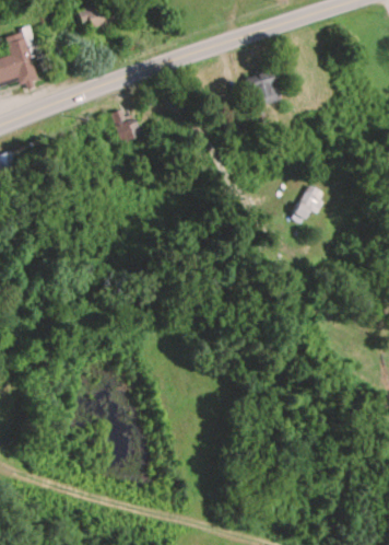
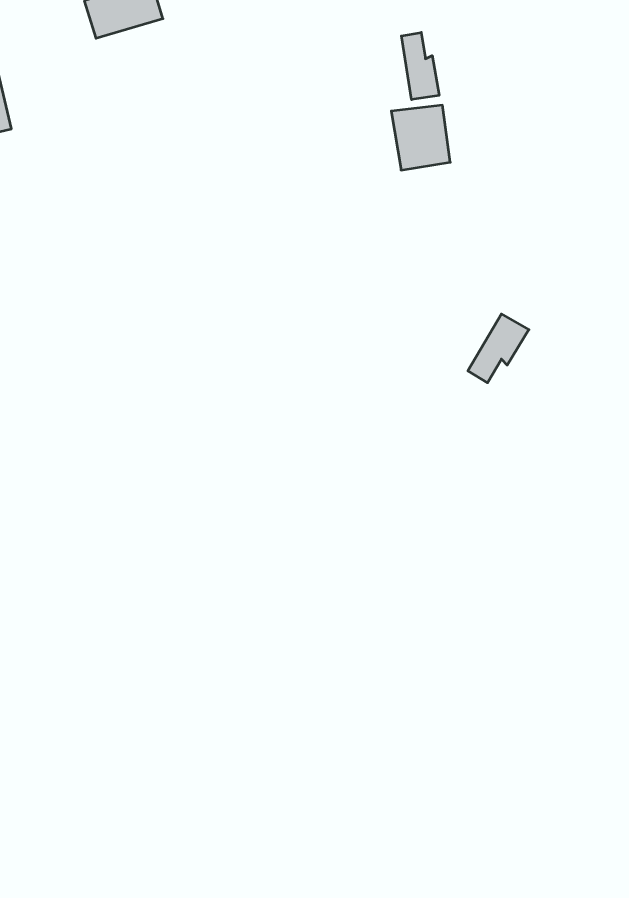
building: none -> [401,32,439,100]
building: [109,108,141,141] -> none

